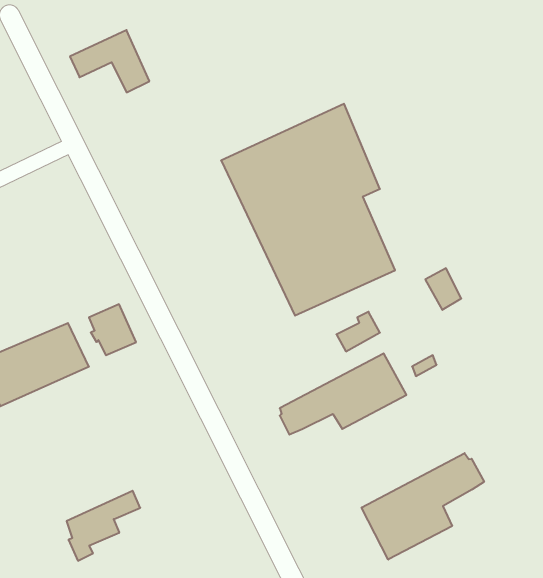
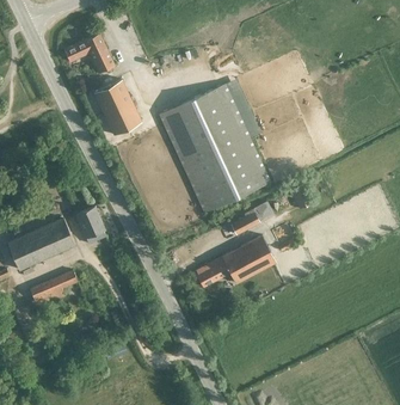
building: none -> [93,80,141,135]
building: [362,453,484,560] -> none
building: [67,491,140,561] -> [30,270,76,314]

